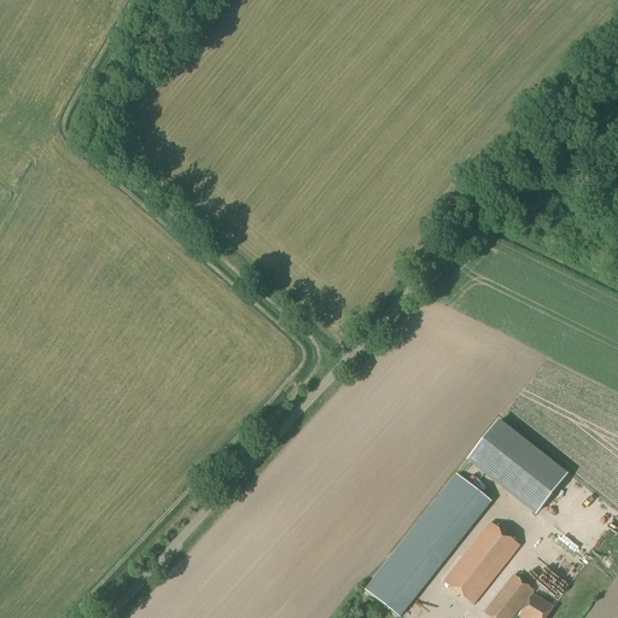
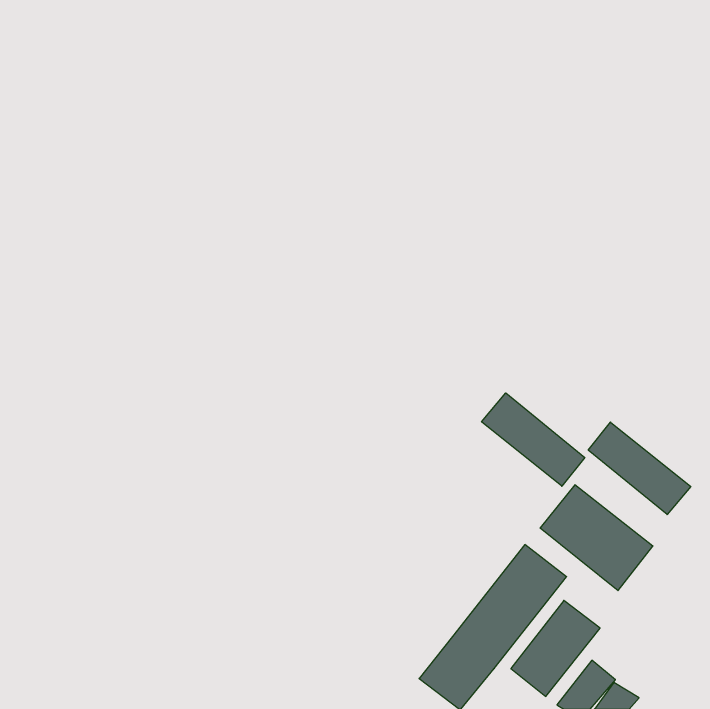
building: none -> [482,393,585,486]
building: none -> [588,422,691,515]

